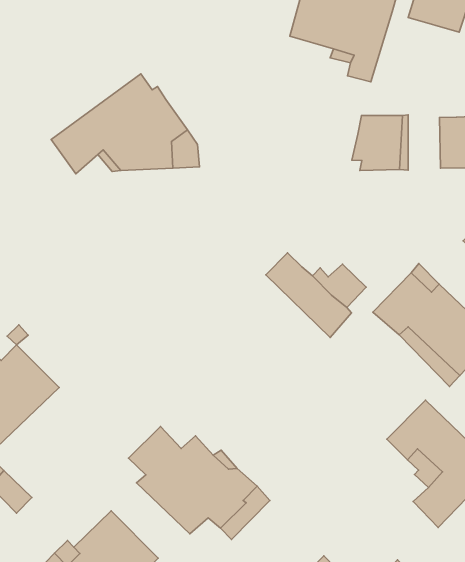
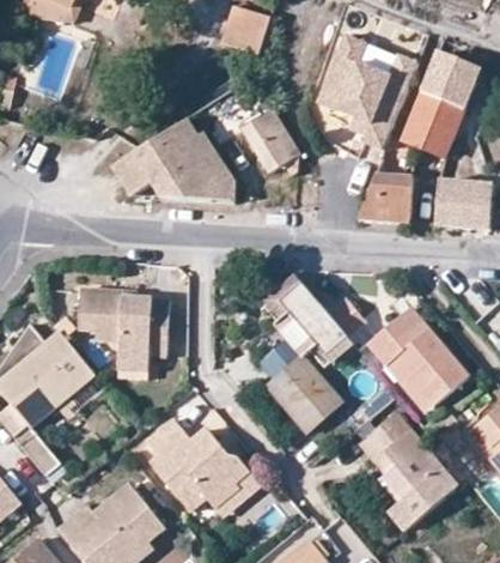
building: none -> [402,92,463,156]
building: none -> [243,110,295,175]
building: none -> [80,293,171,367]
building: none -> [264,341,340,441]

